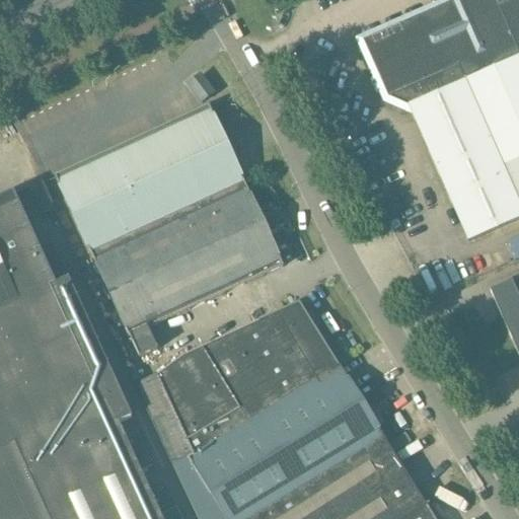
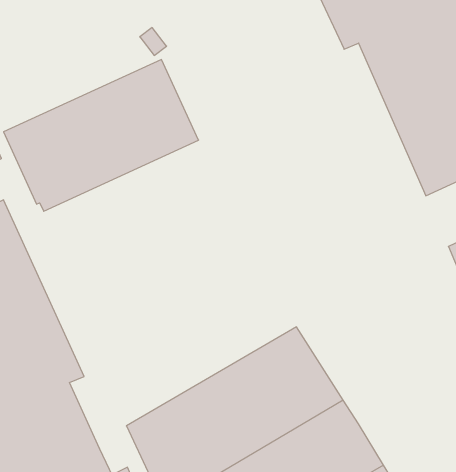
building: [94,186,283,357] -> none
building: [137,303,343,466] -> none

